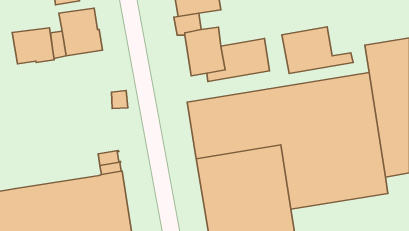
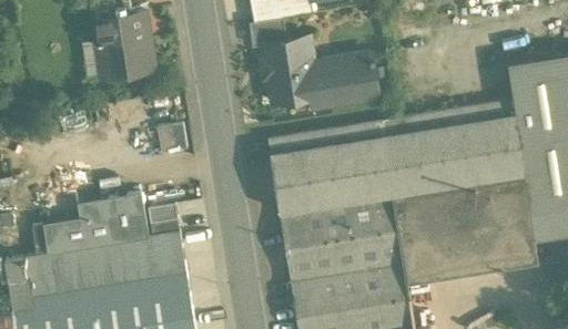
building: [282,27,353,74] -> none
building: [12,28,54,64] -> none
building: none -> [32,193,149,256]

